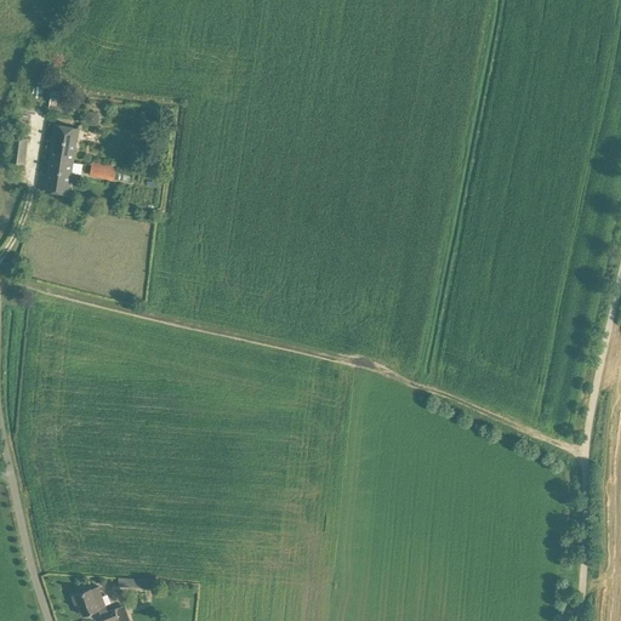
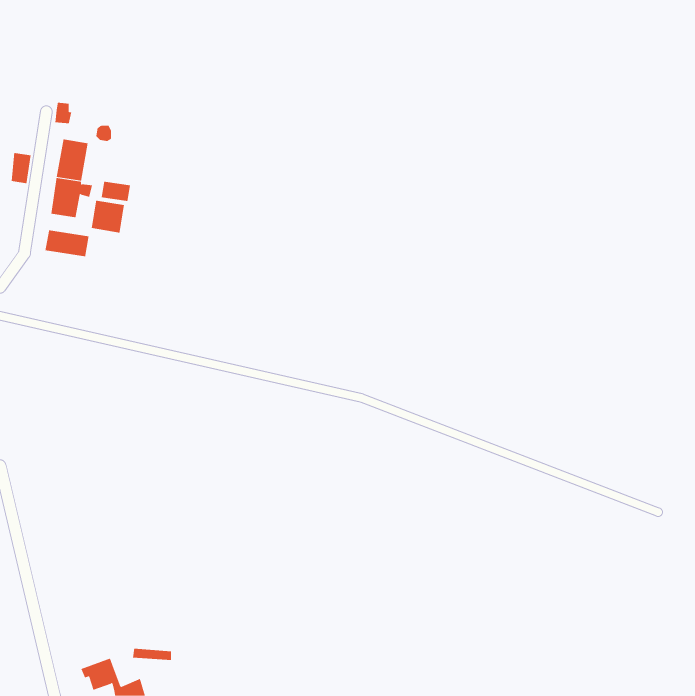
building: none -> [91,200,124,233]
building: none -> [45,229,89,257]

